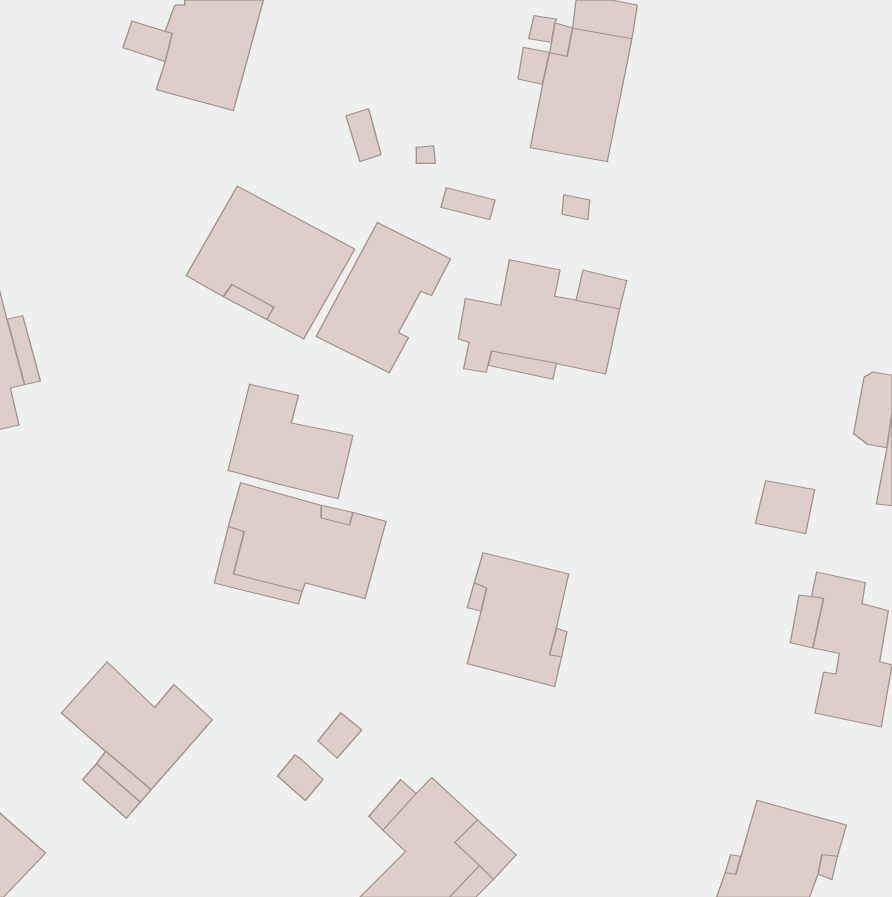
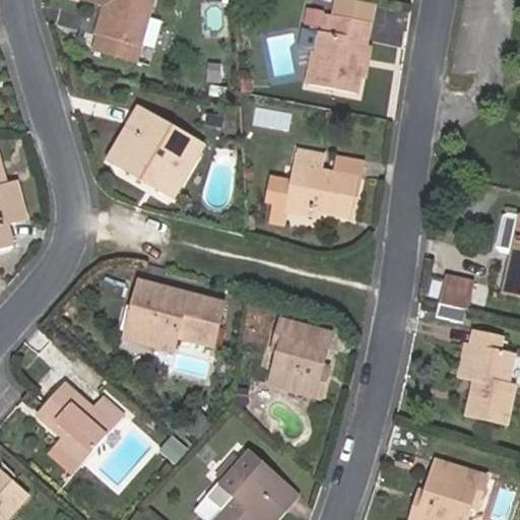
building: [316,222,450,373] -> none
building: [228,384,353,499] -> none

